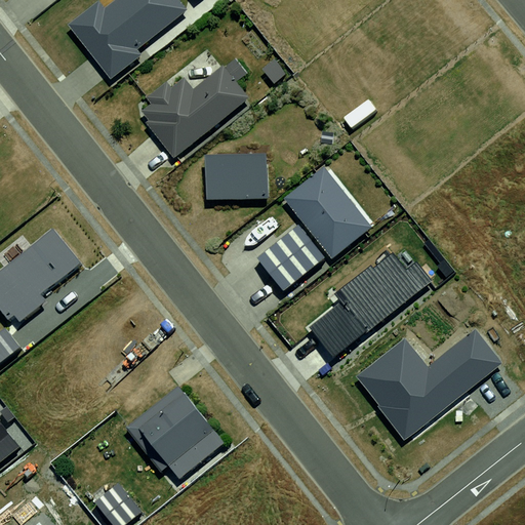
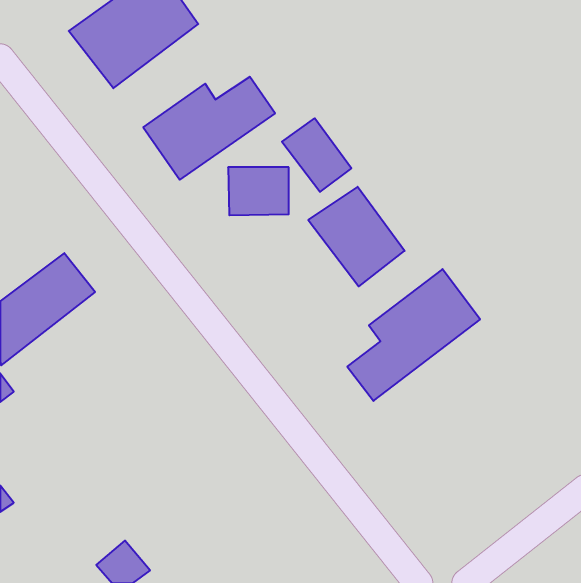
building: none -> [282,118,351,192]
building: [249,233,315,296] -> none
building: [353,328,500,432] -> none
building: [138,388,227,476] -> none

